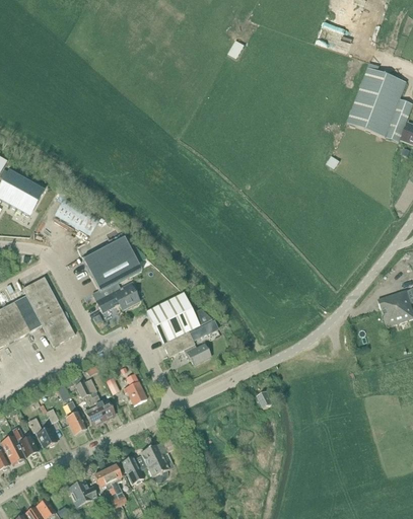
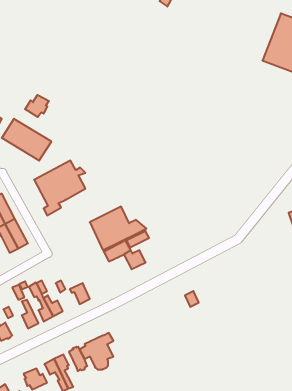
building: none -> [25,95,49,117]
building: [96,283,139,312] -> none

